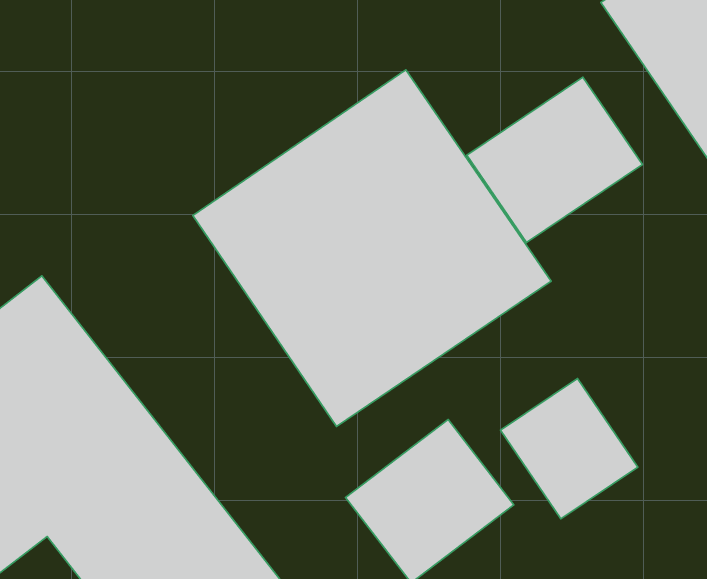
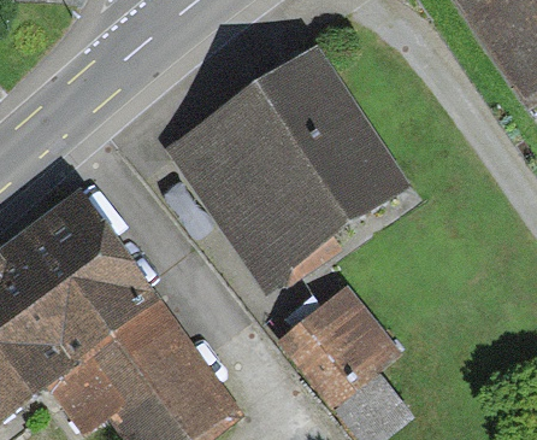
building: [467,77,642,243] -> none
building: [500,378,638,519] -> none

